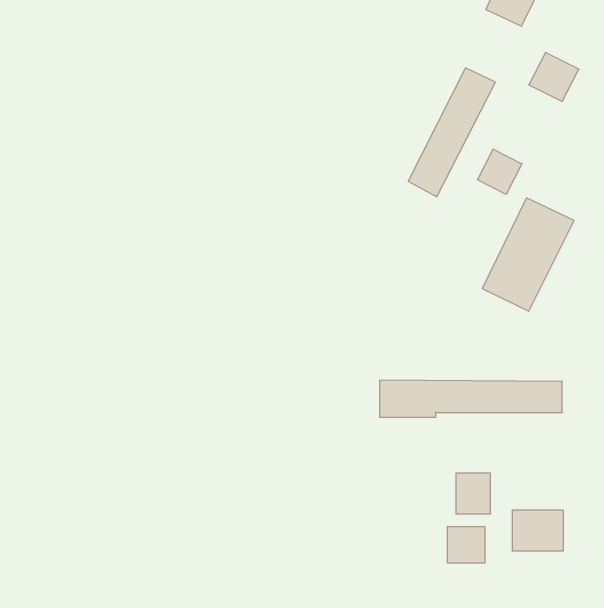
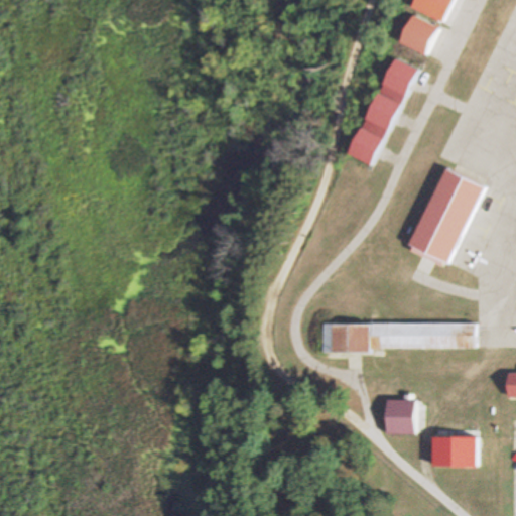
building: [529,53,579,101] -> [396,14,438,55]
building: [477,149,522,194] -> none
building: [448,526,485,563] -> none

